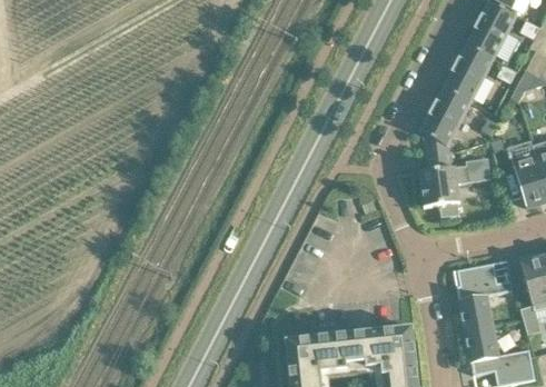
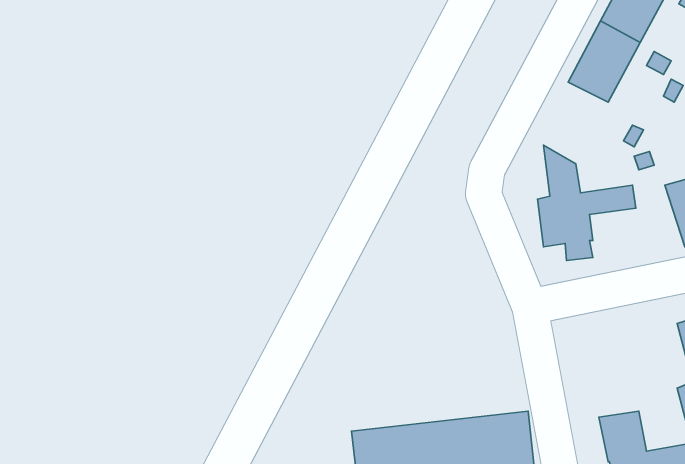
building: [419,87,470,146] -> none
building: [457,262,513,329] -> none

